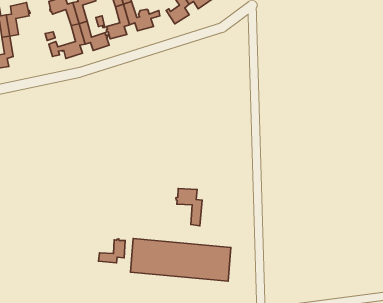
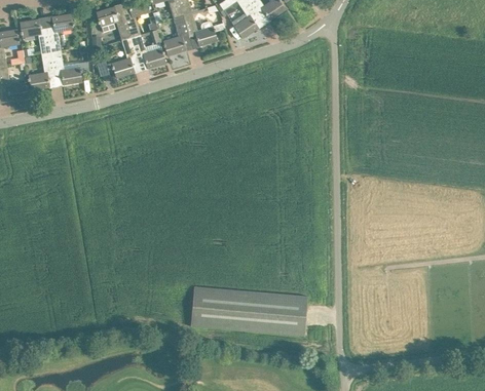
building: none -> [50,49,81,84]
building: [176,189,202,226] -> none
building: [98,239,125,263] -> none

